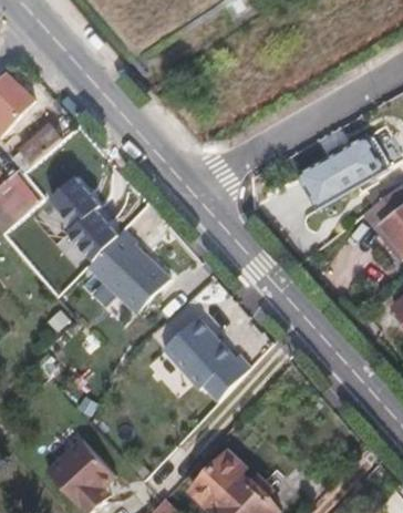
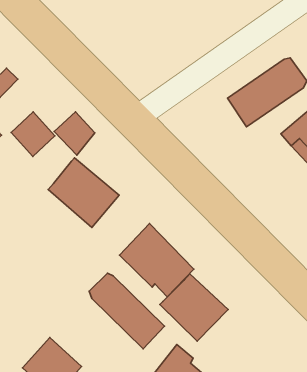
building: [70,209,116,259] -> [54,112,95,155]
building: none -> [89,273,165,349]
building: none -> [160,274,228,341]

